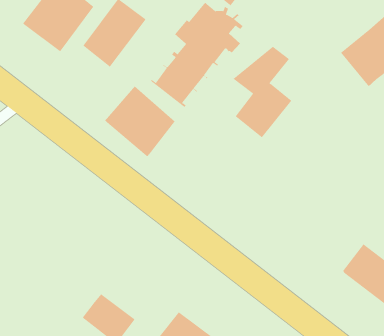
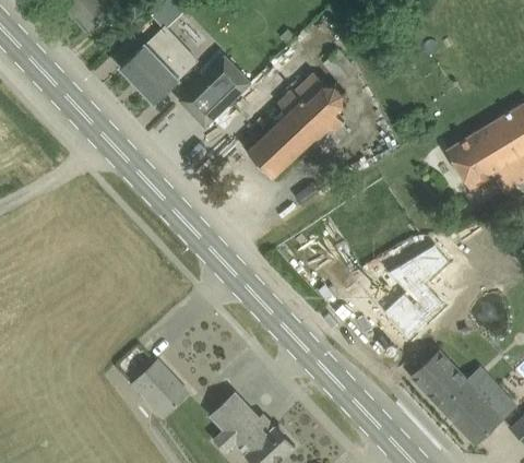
building: [233,46,292,138] -> [383,245,450,339]
building: [104,86,176,157] -> none

